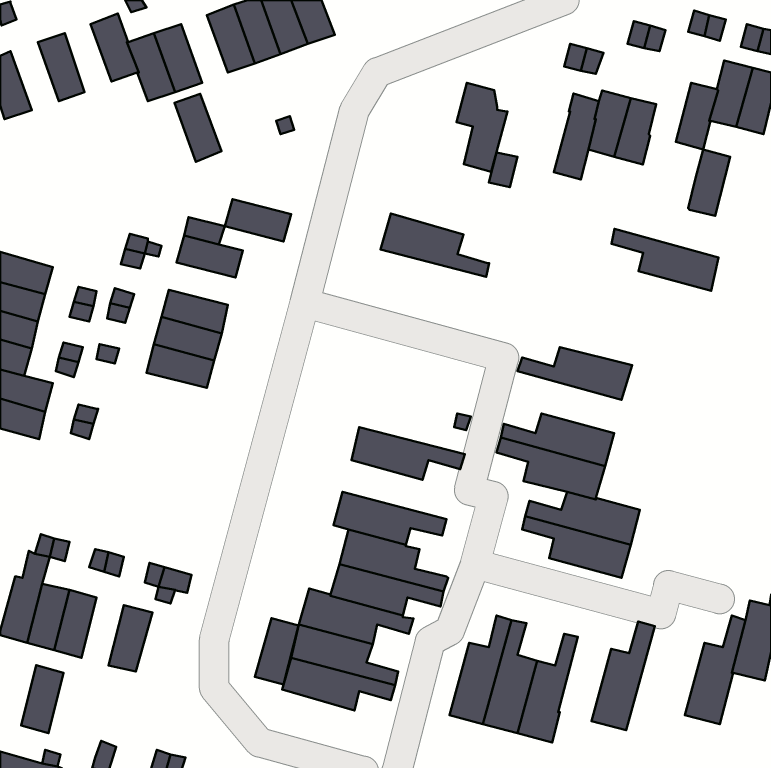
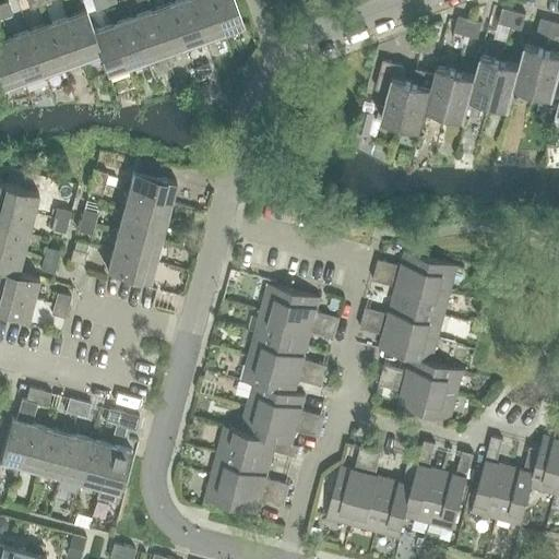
building: none -> [47,20,81,69]
building: none -> [8,33,43,82]
building: [456,83,508,172] -> [376,62,413,127]
building: [175,94,221,162] -> [131,13,165,62]
building: [688,149,730,216] -> [469,57,500,105]
building: [225,199,291,241] -> [122,192,170,223]
building: [380,213,489,277] -> [260,285,338,331]
building: [611,229,719,291] -> [372,271,450,316]
building: none -> [248,335,325,378]
building: none -> [471,438,510,520]
building: none -> [404,442,442,524]
building: [255,618,299,684] -> [98,445,130,493]
building: [21,665,63,733] -> [59,435,90,484]

